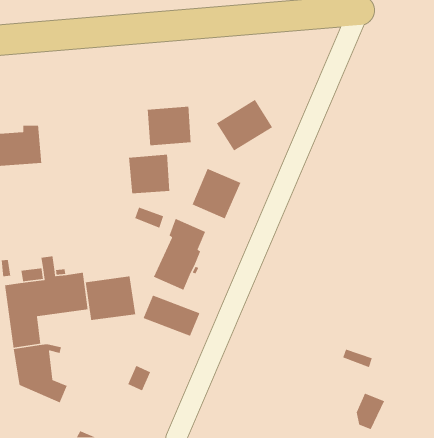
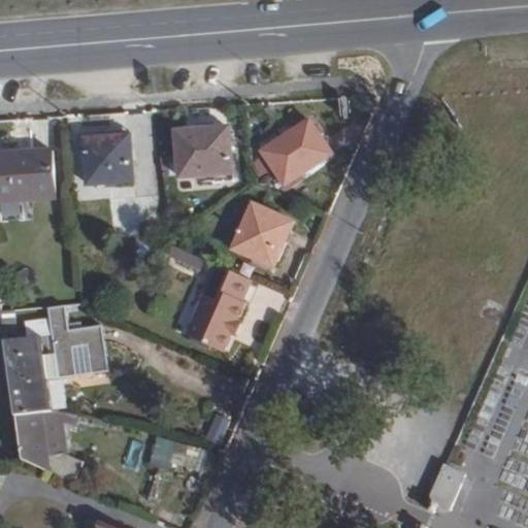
building: [128,154,170,194] -> [80,135,131,184]
building: [85,276,136,321] -> none
building: [142,294,201,337] -> none

